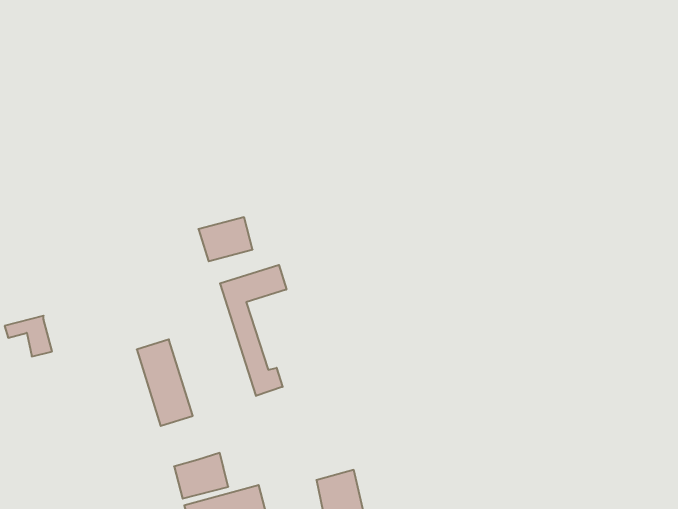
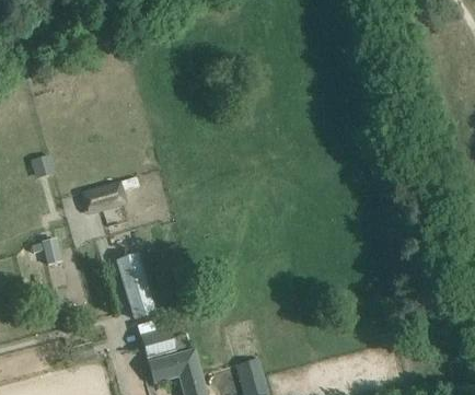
building: [198,217,253,261] -> [91,186,126,214]
building: [220,265,286,396] -> none

